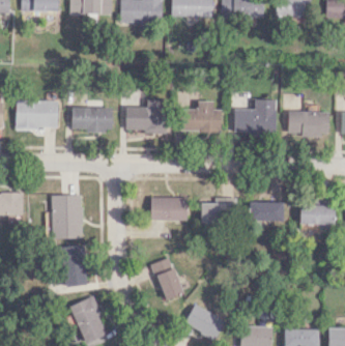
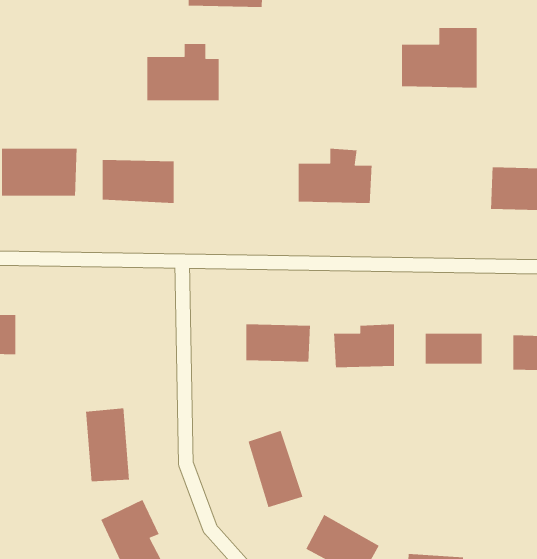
building: [125,99,166,132] -> [147,43,219,101]
building: [233,99,276,134] -> [401,27,478,89]
building: [52,195,83,238] -> none

